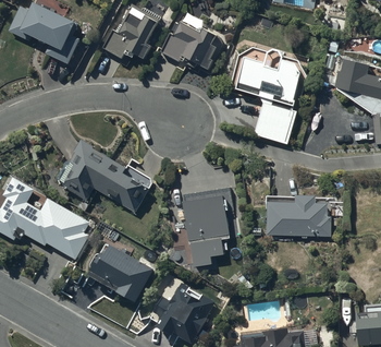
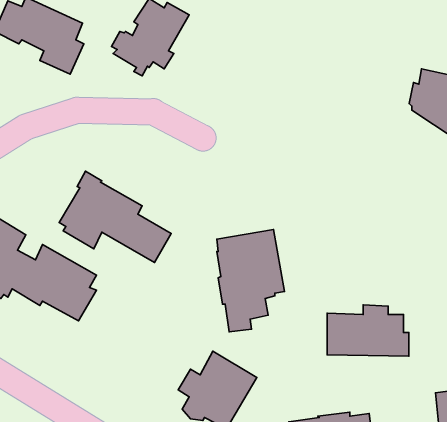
building: [160,24,226,72] -> none
building: [231,49,307,144] -> none
building: [267,195,331,236] -> [327,305,409,356]
building: [88,244,153,303] -> none

